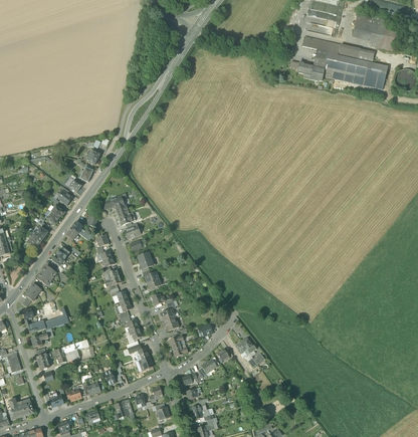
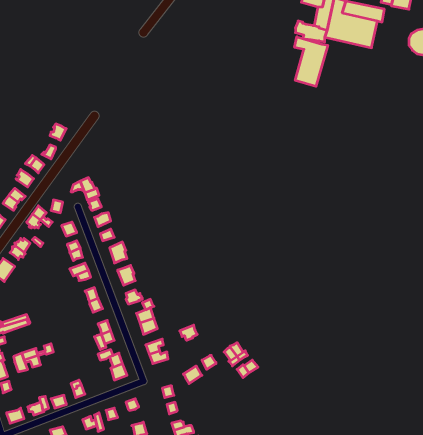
building: [362,61,387,88] -> none
building: none -> [295,37,328,86]

